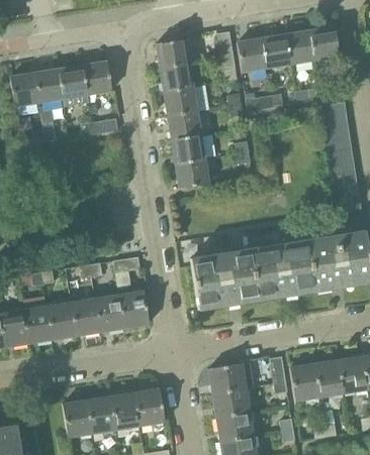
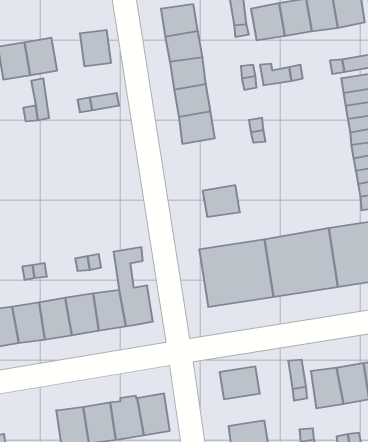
building: [59,65,89,106] -> none
building: [176,158,209,187] -> [203,185,240,217]
building: [213,387,250,417] -> none

